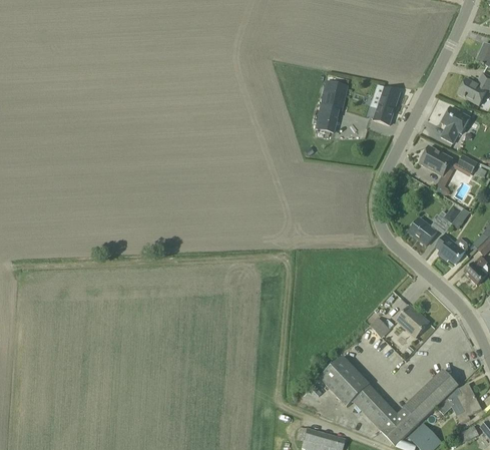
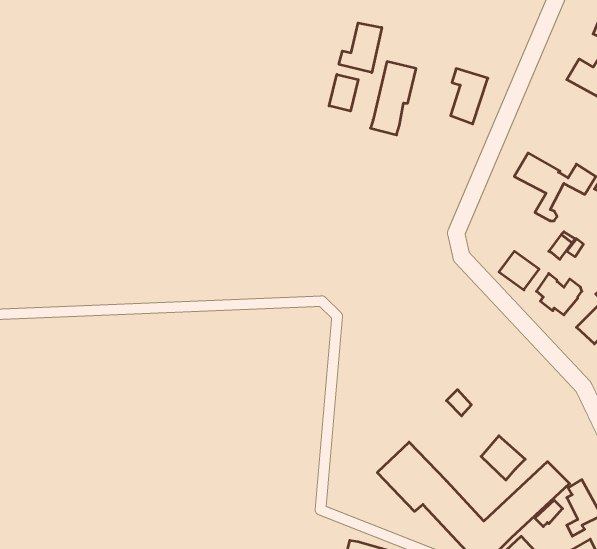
building: none -> [339,23,382,73]
building: none -> [329,74,358,111]
building: [440,105,470,142] -> none
building: [397,305,429,337] -> [481,436,525,480]

